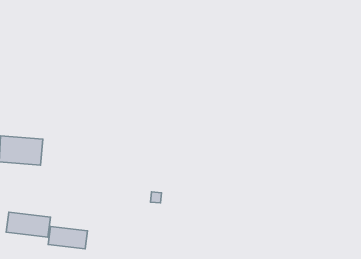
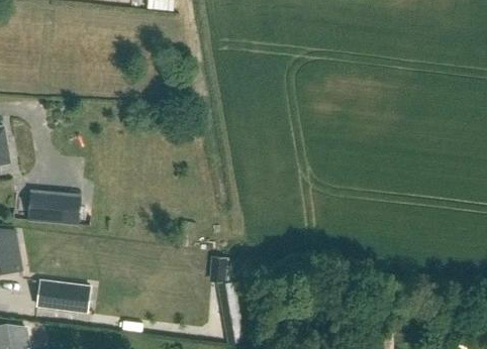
building: [48,226,87,249] -> none

